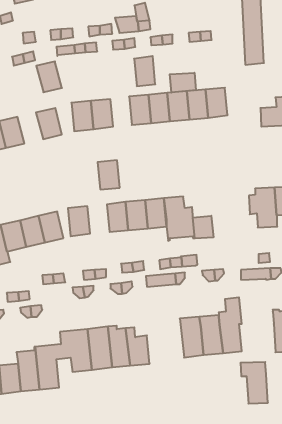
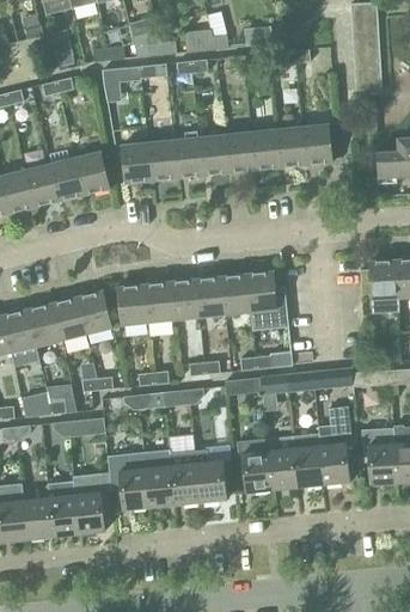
building: [134,56,155,86] -> [175,137,203,178]
building: [36,61,62,92] -> [49,159,84,201]
building: [170,73,196,93] -> none
building: [98,160,120,189] -> [143,283,173,323]
building: [193,216,213,238] -> none
building: none -> [237,437,274,492]
building: [240,362,268,404] -> [360,428,397,484]

